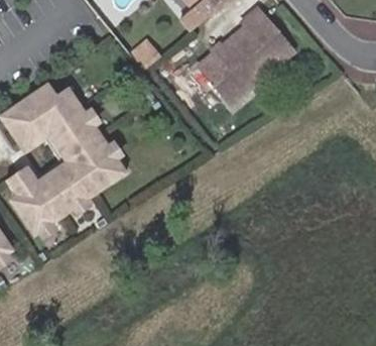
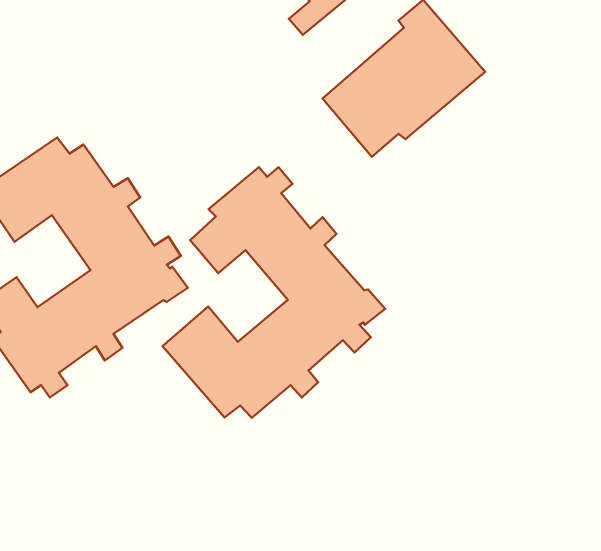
building: none -> [162,167,385,418]

